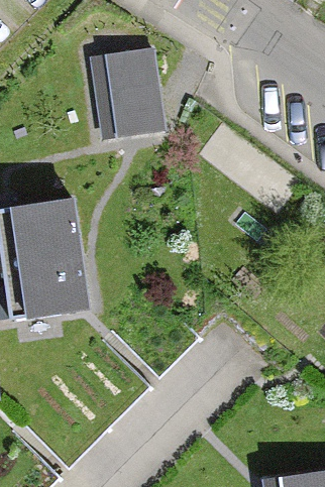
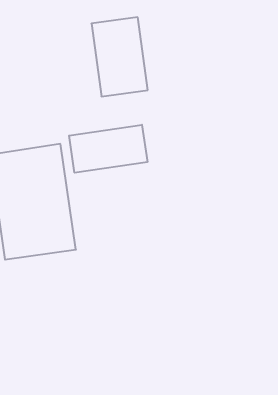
building: none -> [69,125,147,173]

